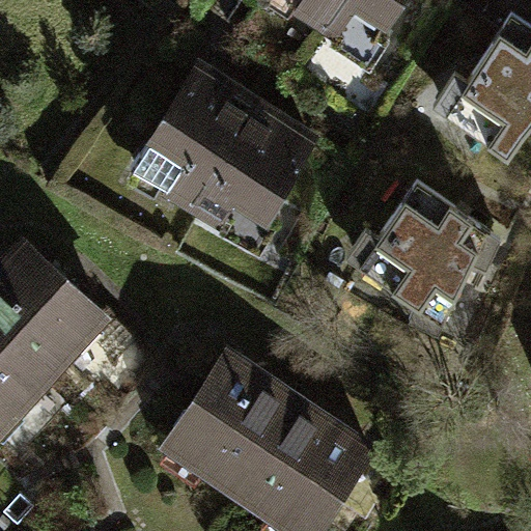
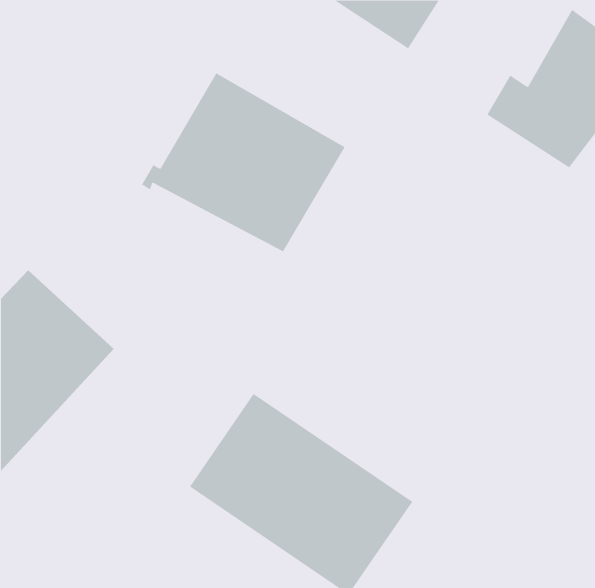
building: [348,185,499,337] -> none

